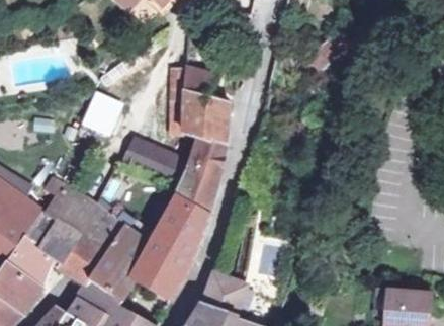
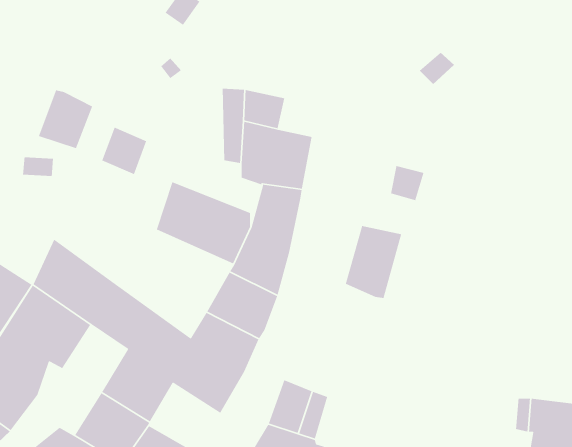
building: none -> [38,89,93,149]
building: none -> [345,225,402,299]
building: [58,235,103,282] -> none

